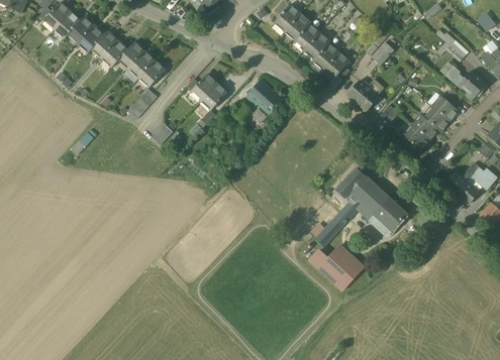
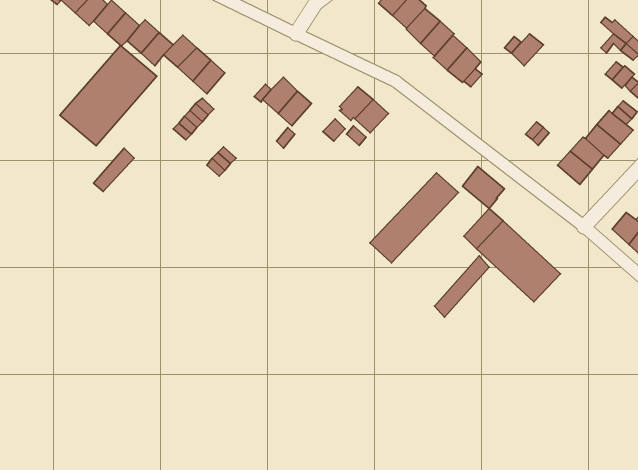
building: none -> [60,45,157,146]
building: [347,80,378,110] -> [463,166,504,208]
building: none -> [370,173,458,263]
building: [308,244,363,289] -> none

